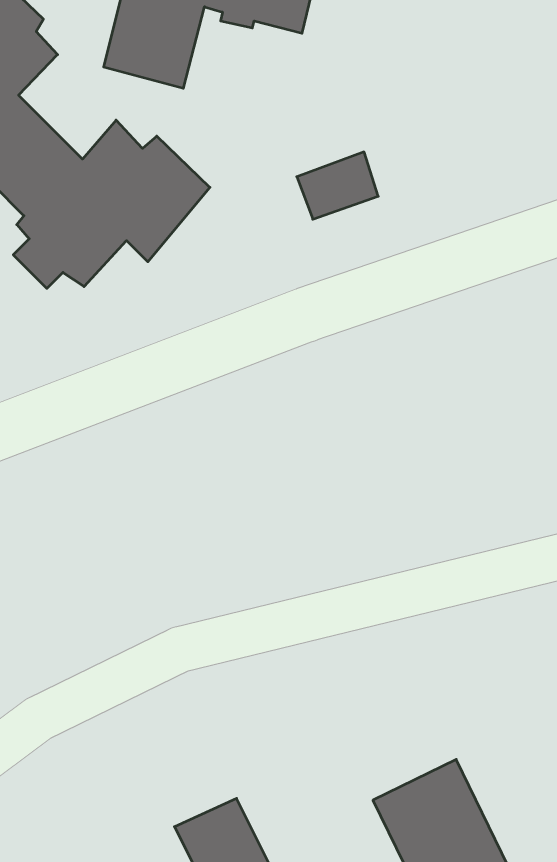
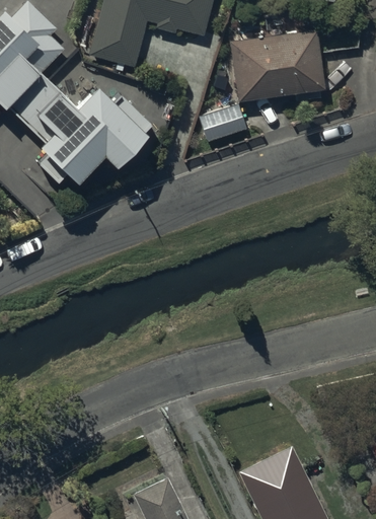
building: none -> [229,29,324,102]

